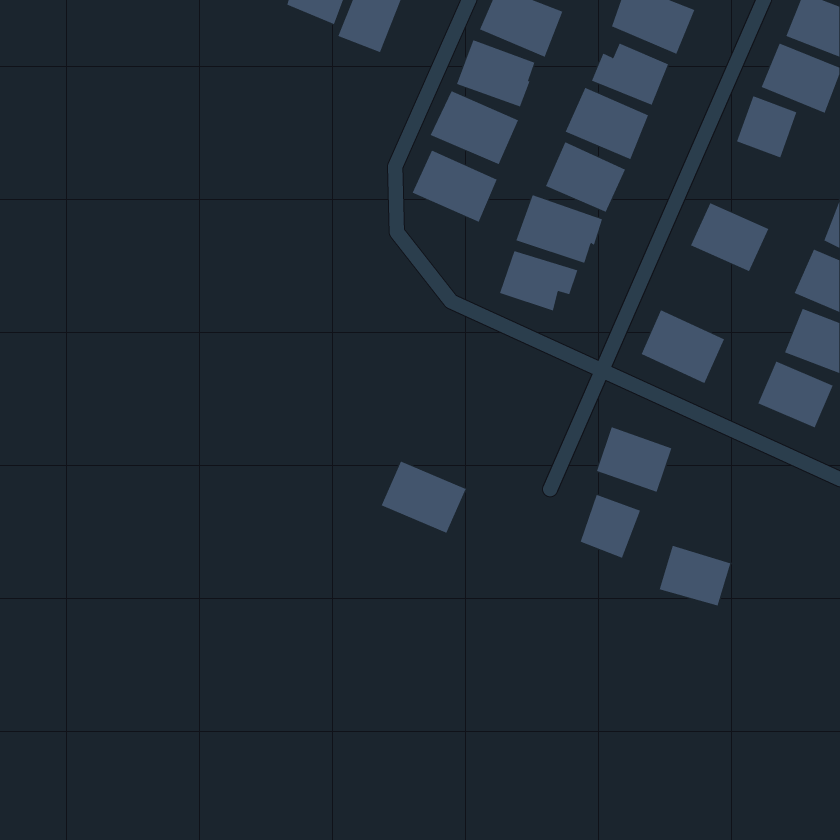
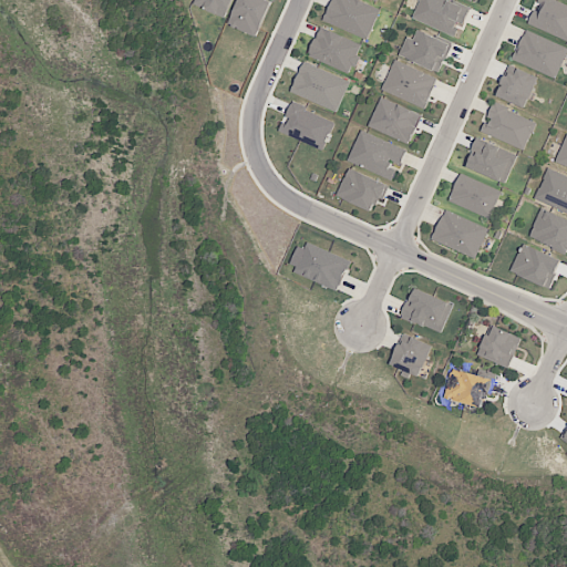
building: none -> [481,102,535,148]
building: none -> [447,174,499,217]
building: [381,461,467,533] -> [292,241,350,290]
building: none -> [476,323,520,367]

